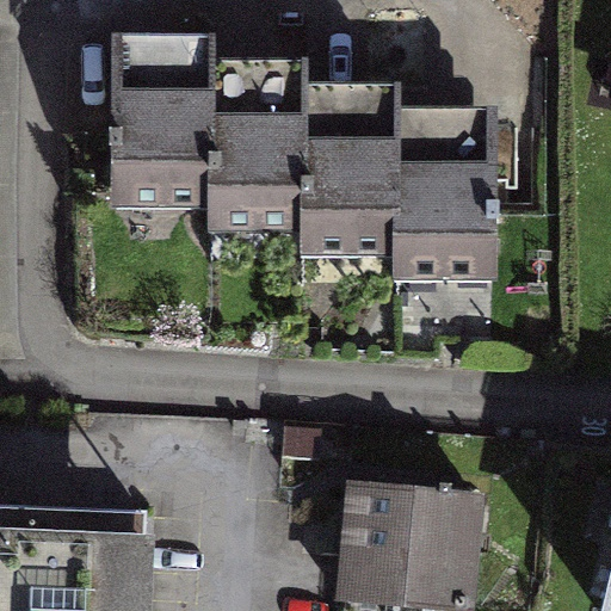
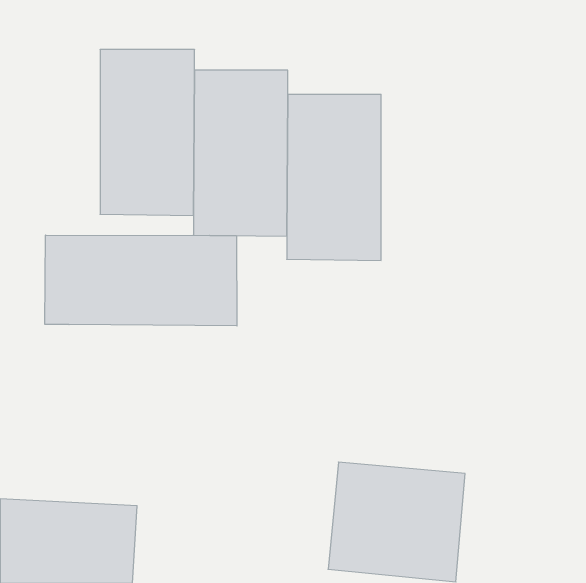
building: [397,119,495,290] -> none
building: none -> [45,235,237,326]

